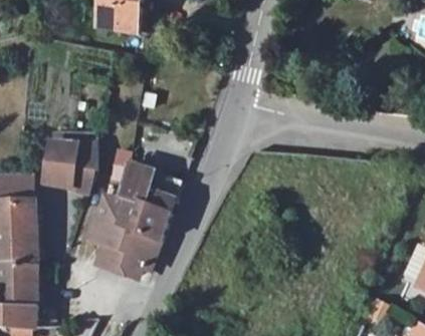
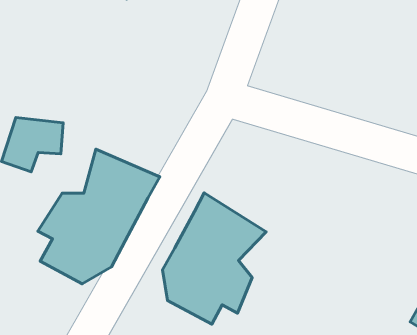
building: none -> [163,193,266,324]

